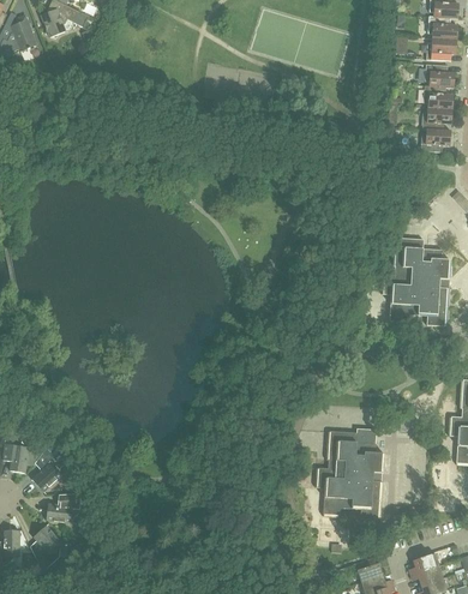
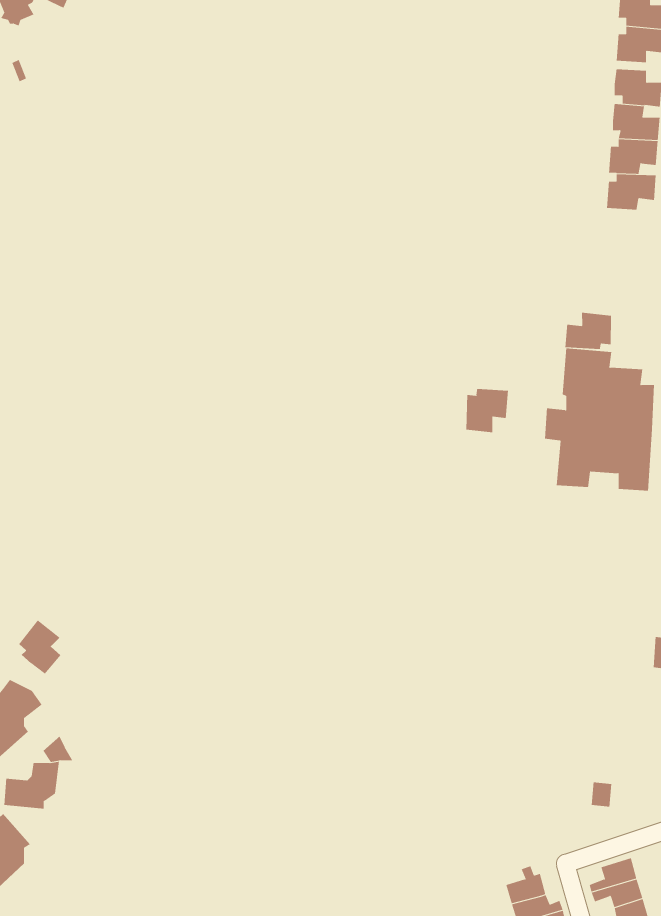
building: none -> [565,312,612,350]
building: none -> [466,388,508,433]
building: none -> [14,619,61,674]
building: [316,427,384,518] -> none

